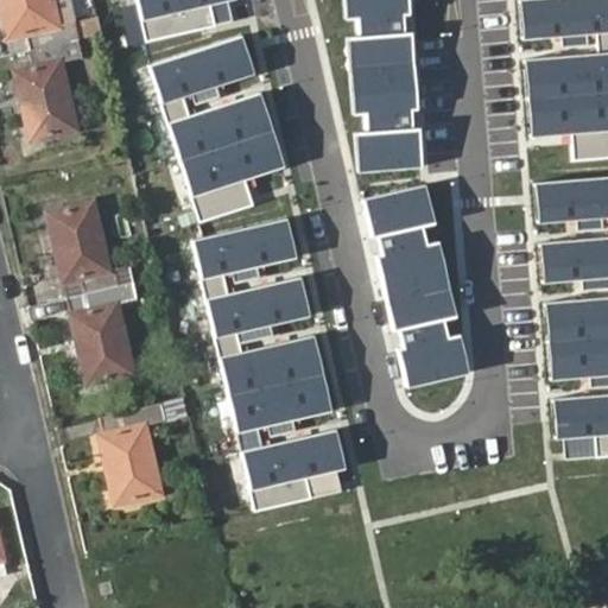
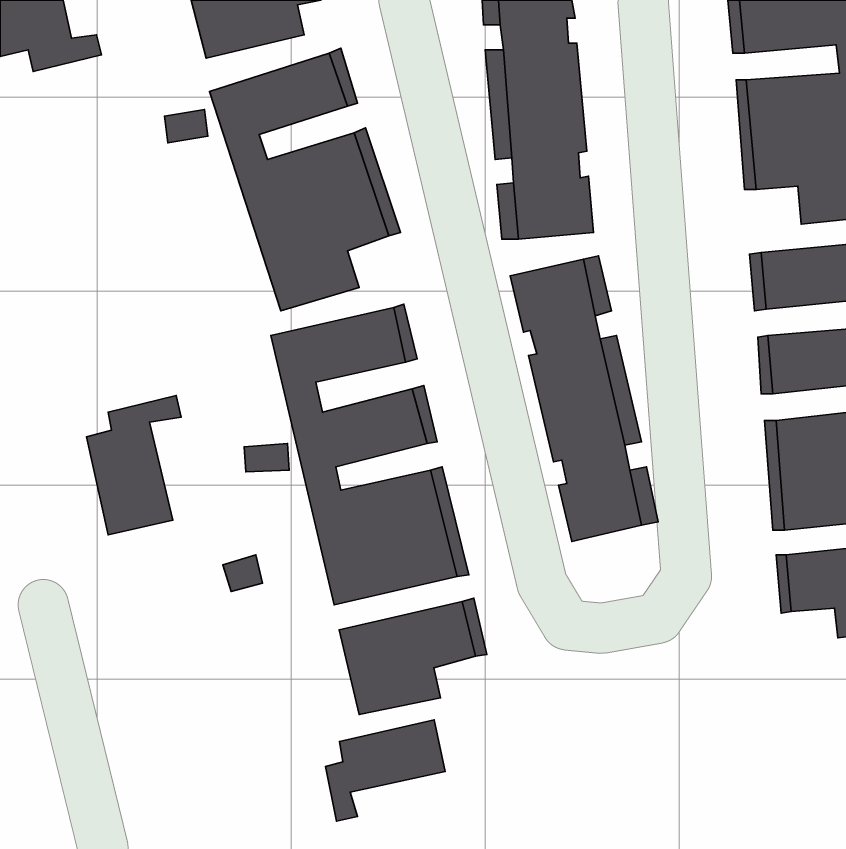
building: [11,39,78,141] -> none
building: [40,202,128,294] -> none
building: [89,405,162,505] -> none
building: none -> [326,720,445,821]

